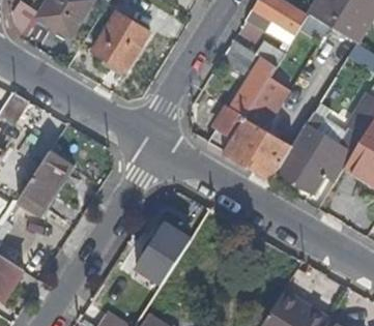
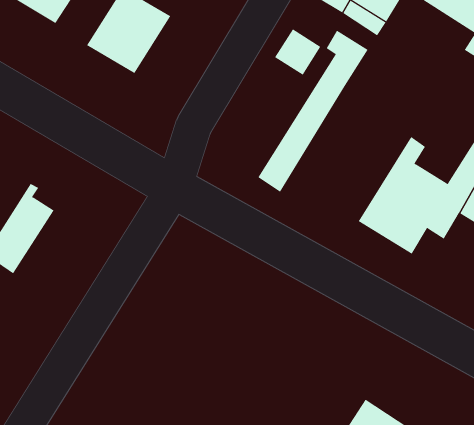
building: [224,79,293,180] -> none
building: [137,224,192,283] -> none

